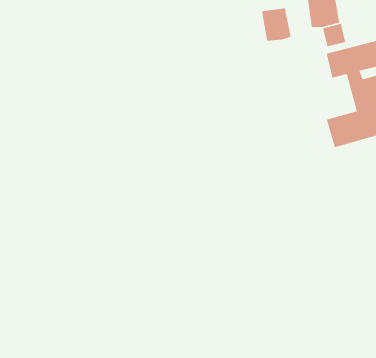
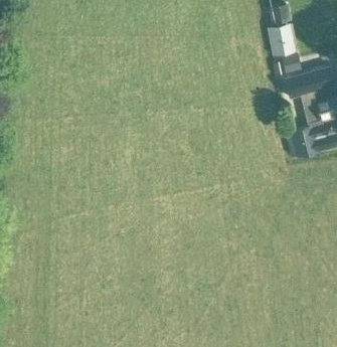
building: [261,8,291,42] -> none

